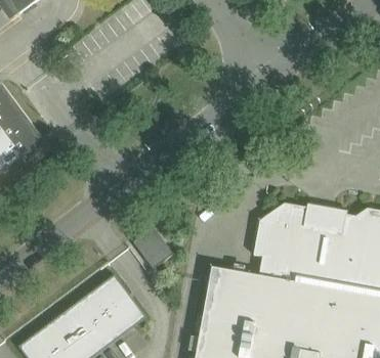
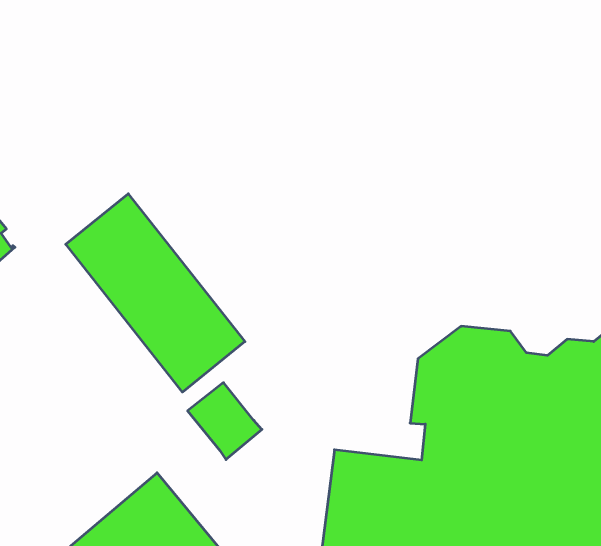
building: none -> [66,194,245,392]

